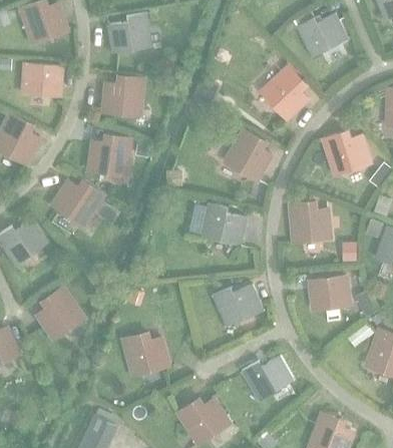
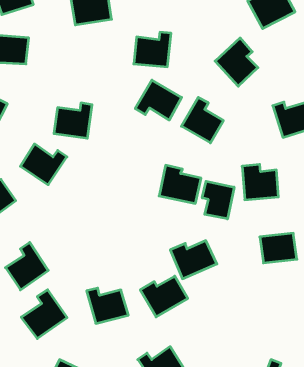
building: [102,78,142,115] -> [134,32,171,67]
building: none -> [135,80,182,120]
building: none -> [202,181,234,219]
building: none -> [21,290,67,339]
building: [243,357,294,401] -> [140,276,188,317]

